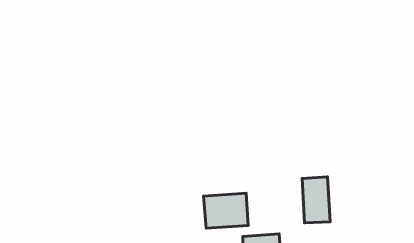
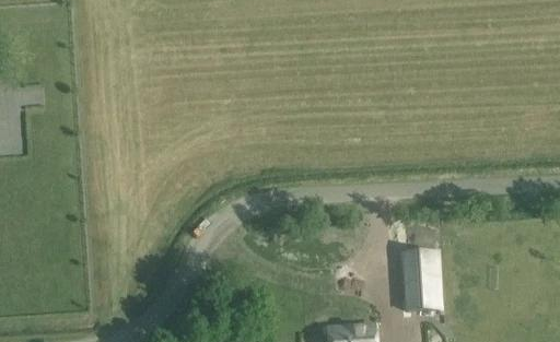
building: [203,193,248,228] -> none

